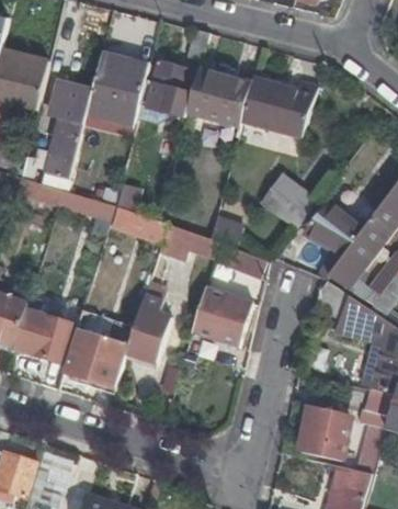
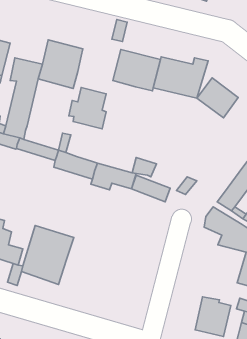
building: [140,61,191,117] -> [69,87,106,129]
building: [262,176,318,229] -> [197,78,238,118]
building: [305,203,364,263] -> none
building: [125,283,171,364] -> none
building: [192,287,251,346] -> none

